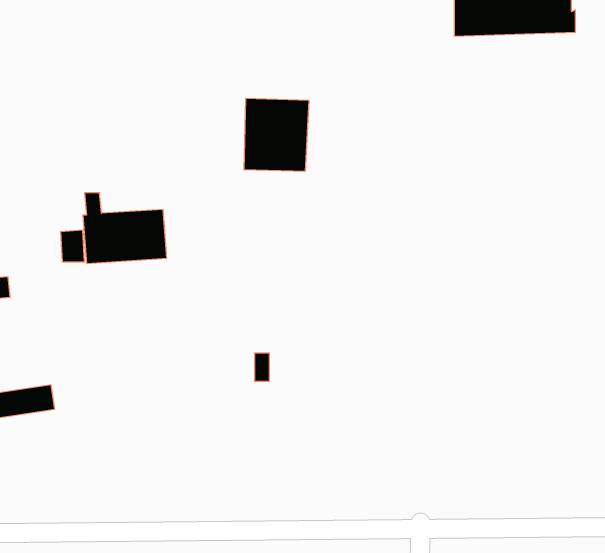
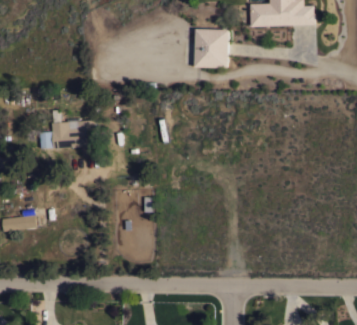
building: [244,99,309,171] -> [194,29,229,68]

